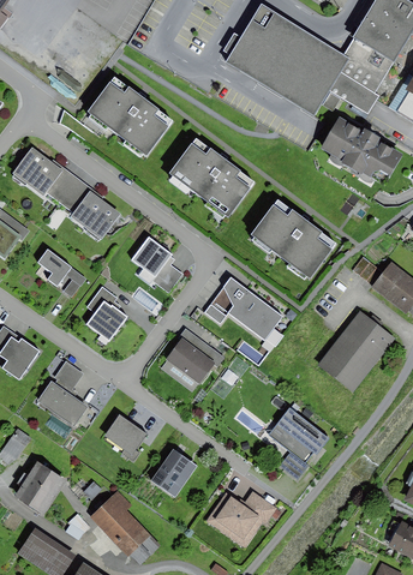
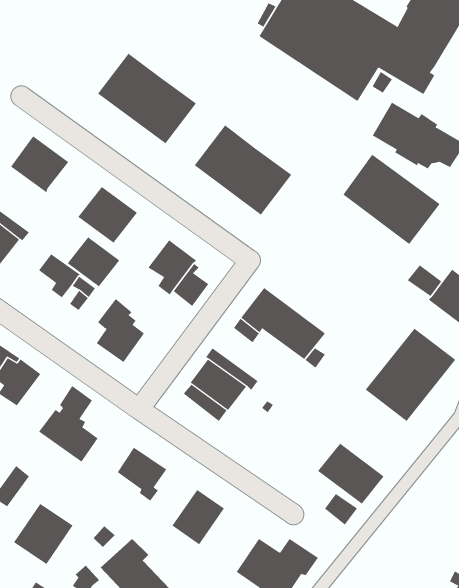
building: [44,169,90,212] -> [67,237,120,287]
building: [251,198,335,276] -> [342,154,440,245]

